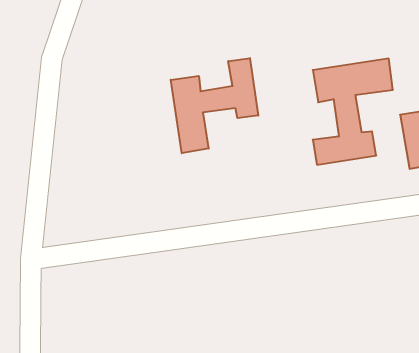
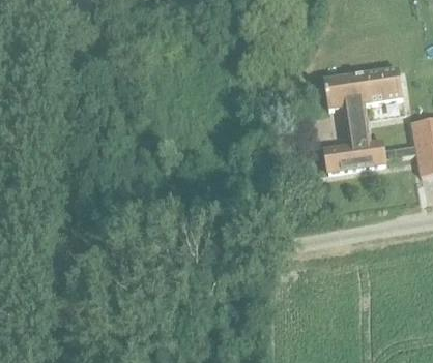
building: [171,58,258,153] -> none

